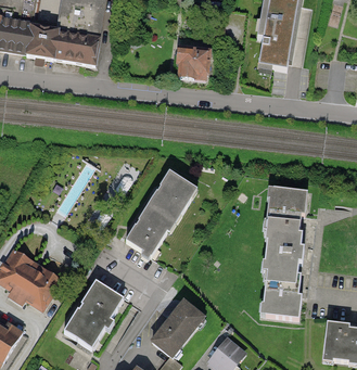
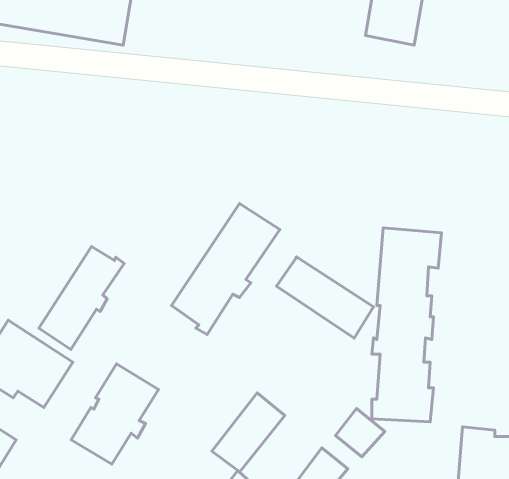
building: [173,50,207,80] -> none
building: none -> [39,247,124,350]
building: none -> [276,257,373,338]
building: none -> [336,408,385,457]

